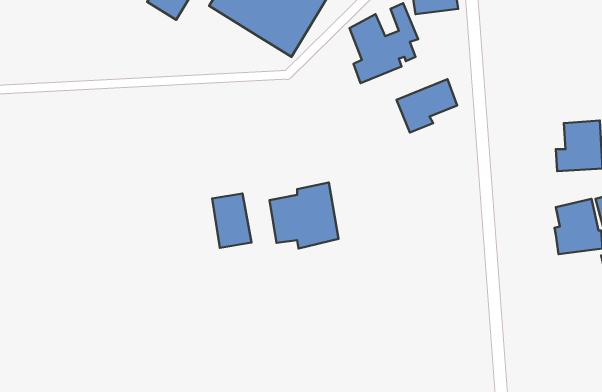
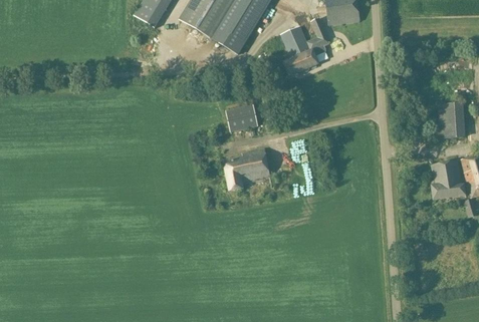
building: [397,79,457,133] -> none
building: none -> [226,103,258,131]
building: [212,193,251,248] -> none

